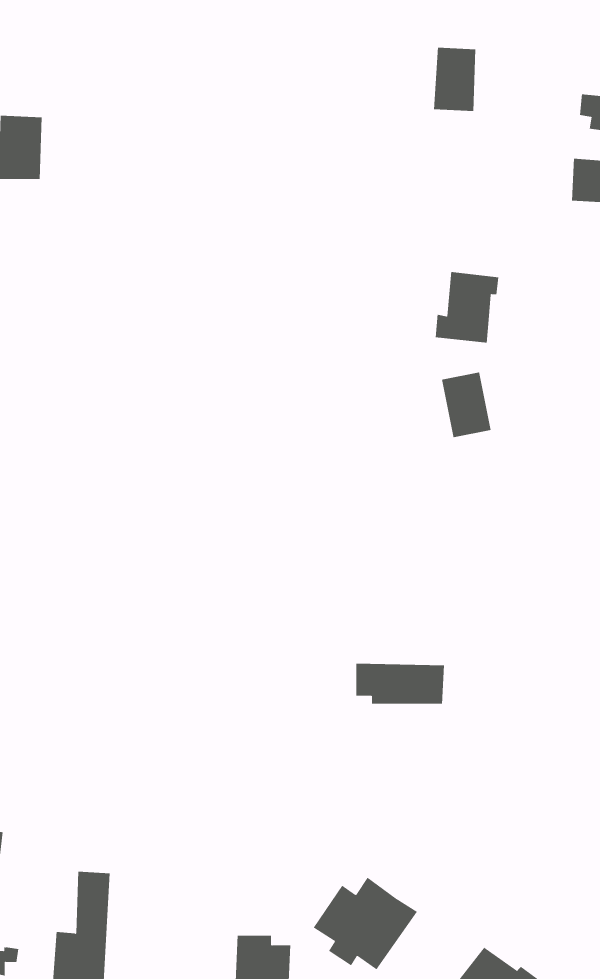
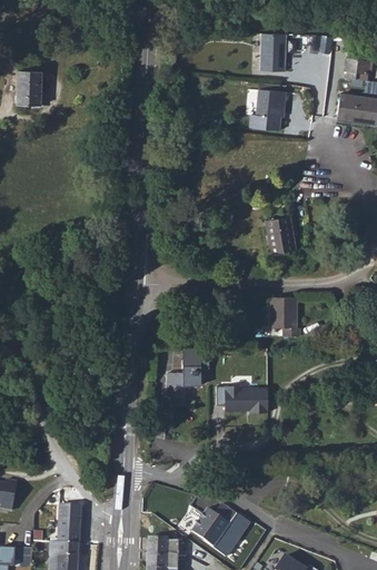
building: [435,271,499,343] -> [248,89,285,130]
building: none -> [272,297,300,337]
building: none -> [168,351,210,405]

